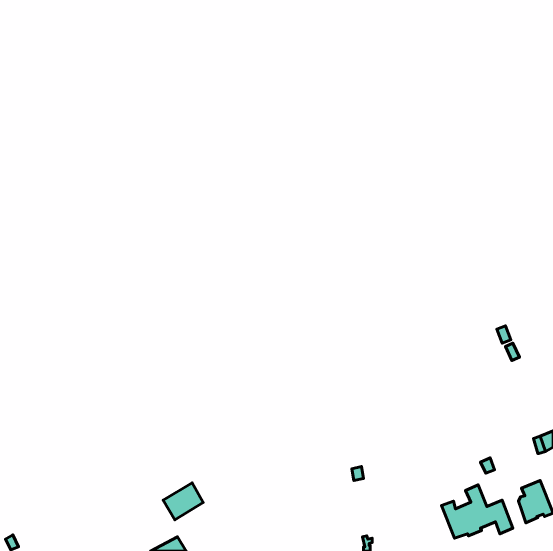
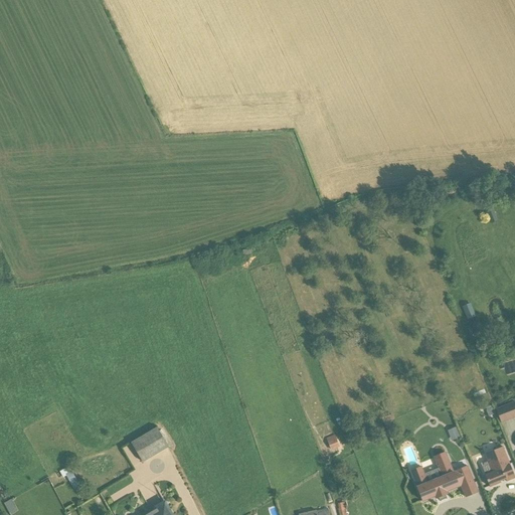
building: [163,483,203,520] -> [131,426,168,461]

